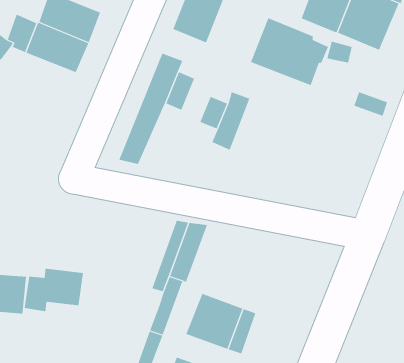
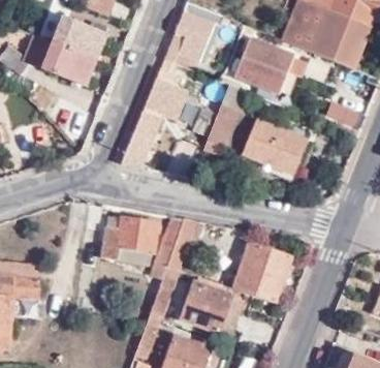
building: none -> [243,119,308,174]
building: none -> [231,241,293,304]
building: [24,268,84,312] -> [103,220,156,258]

